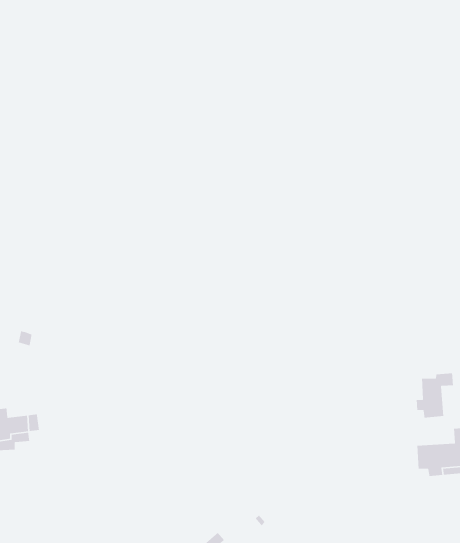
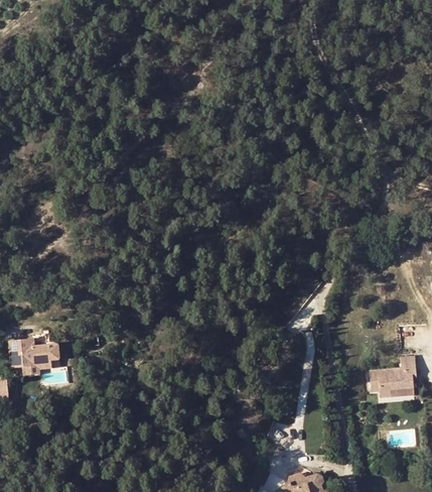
building: [416,372,454,418] -> none

